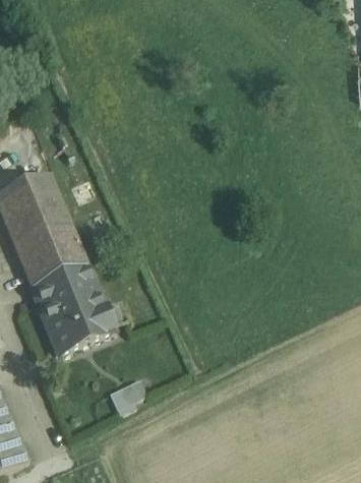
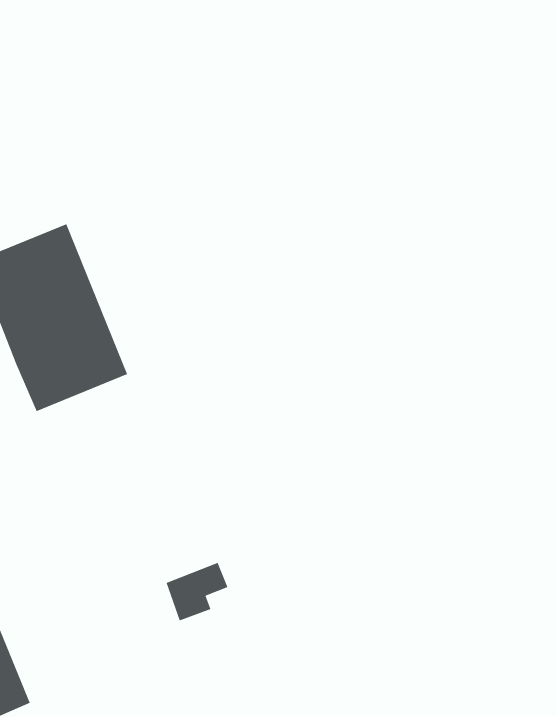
building: [32,265,114,355] -> none

